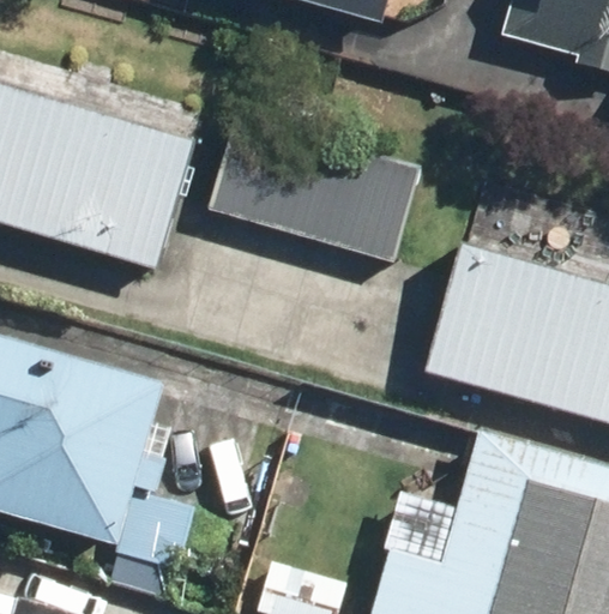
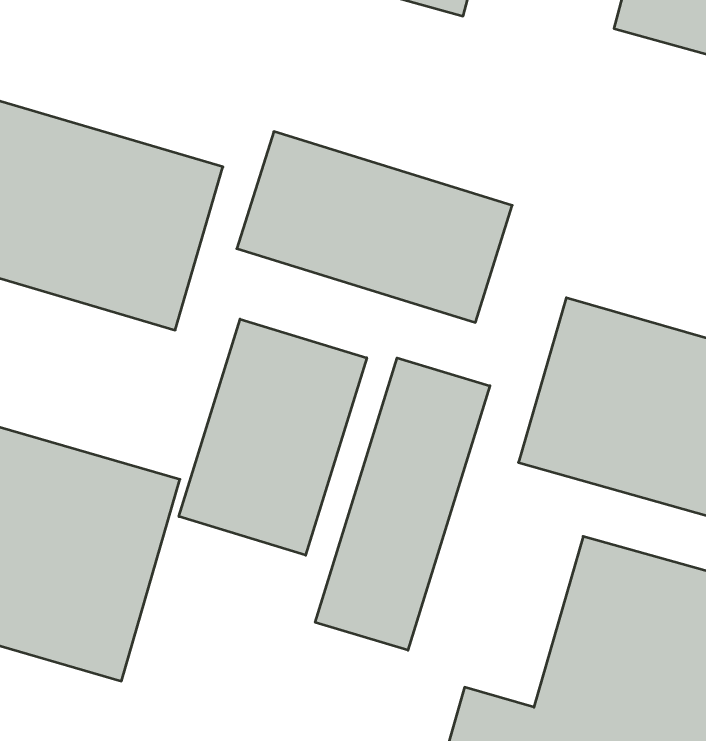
building: none -> [179,319,367,555]
building: none -> [315,358,490,650]

